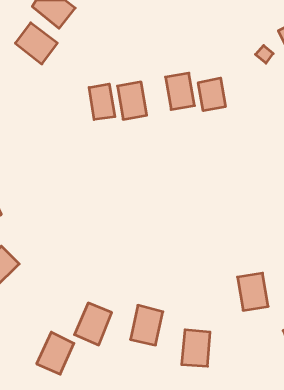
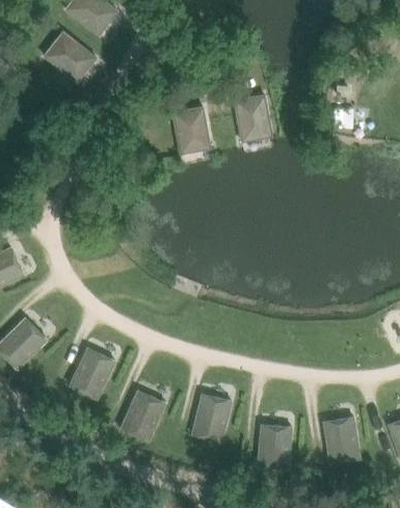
building: [198,78,225,111] -> none
building: [89,84,115,120] -> none
building: [237,273,268,310] -> [321,416,361,463]
building: [37,332,74,374] -> [68,346,115,400]

